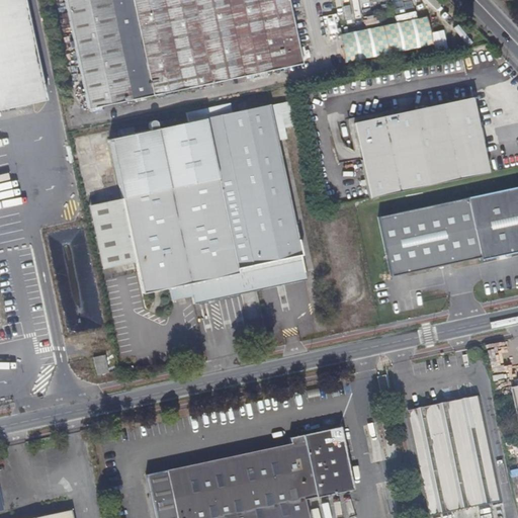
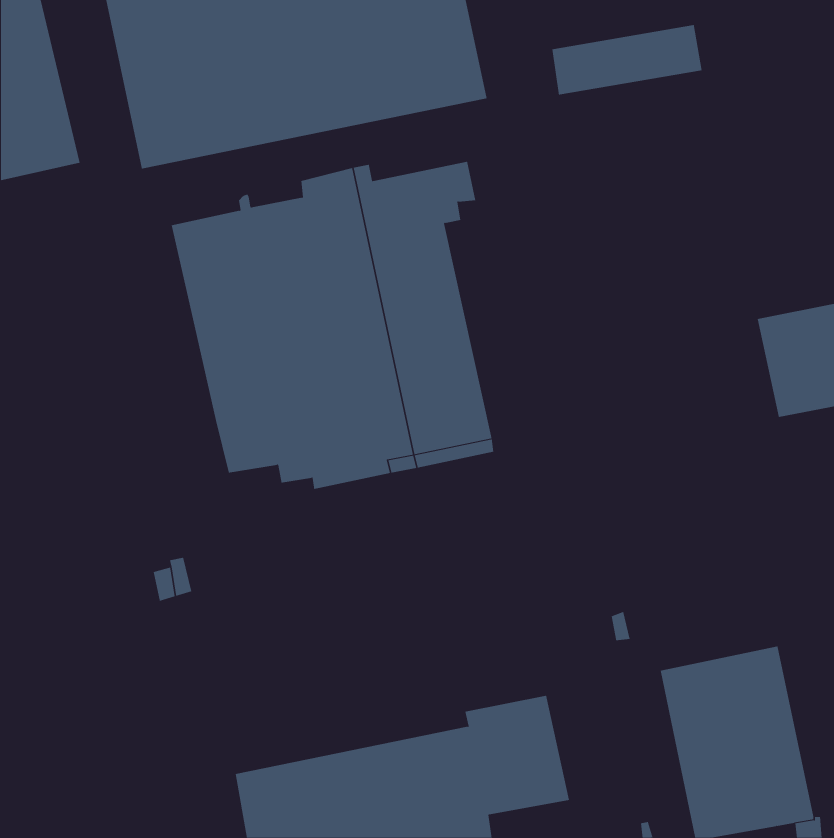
building: [355,99,488,194] -> none
building: [87,196,136,266] -> none
building: [379,196,483,276] -> none

